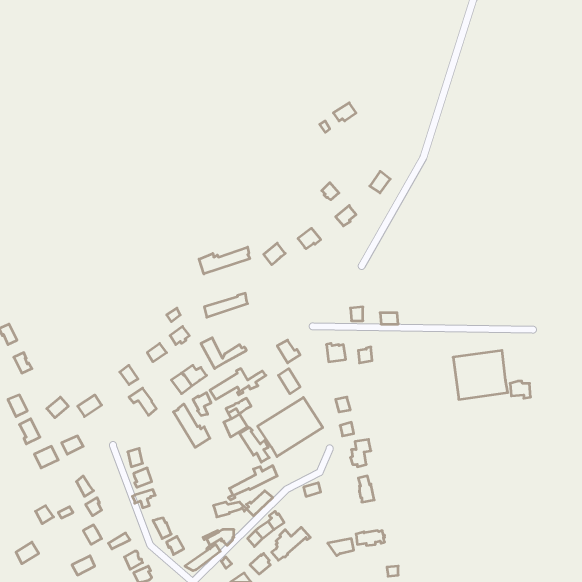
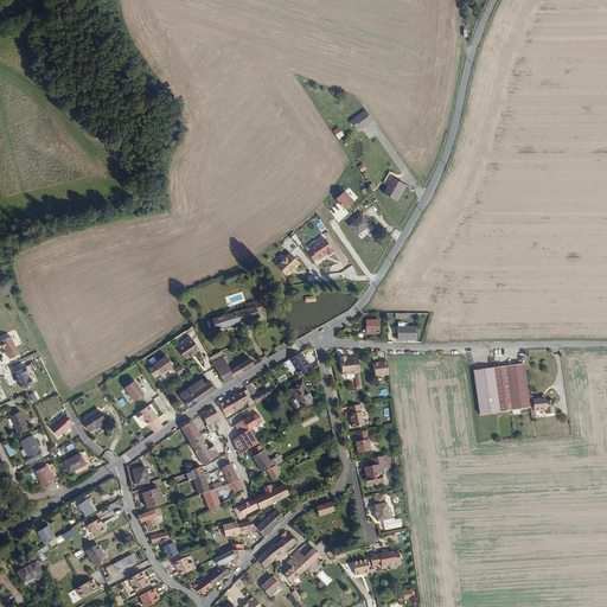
building: [199,247,250,274] -> none
building: [258,397,323,457] -> none
building: none -> [184,464,239,510]

